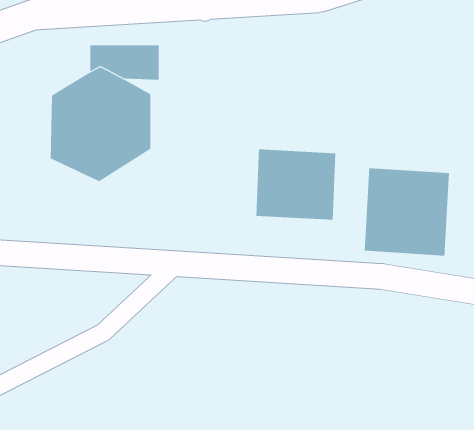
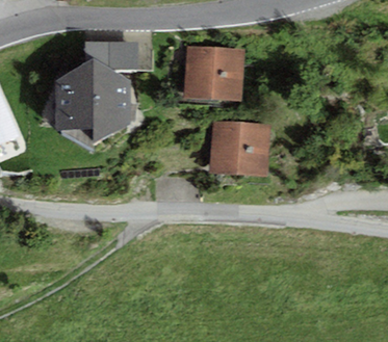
building: none -> [184,45,245,101]
building: [364,167,449,256] -> none

